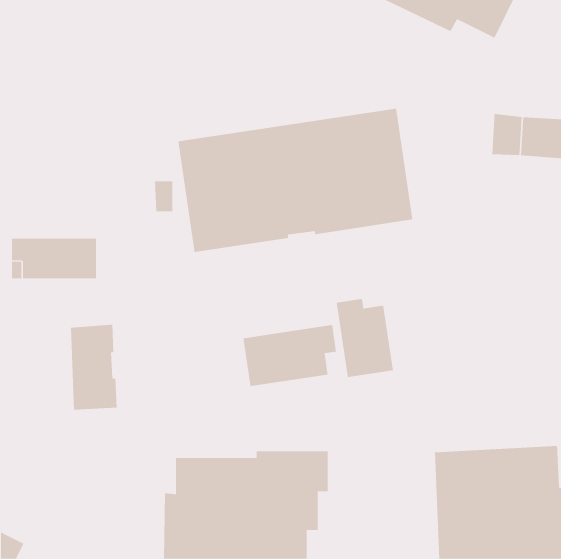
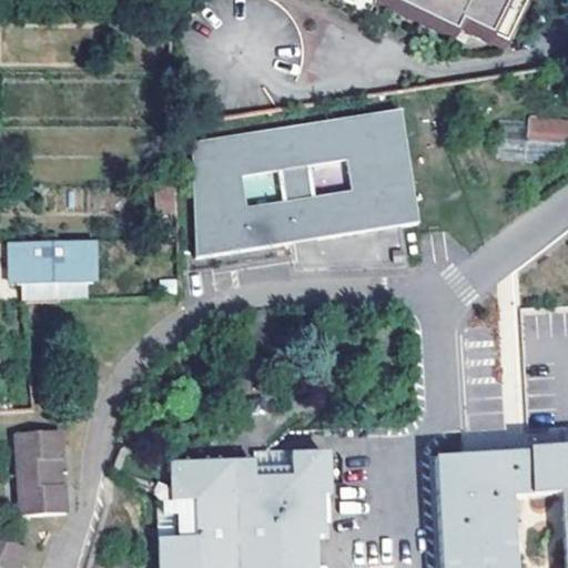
building: [336,298,394,378] -> none
building: [70,324,117,410] -> [16,427,63,514]
building: [243,324,337,387] -> none

